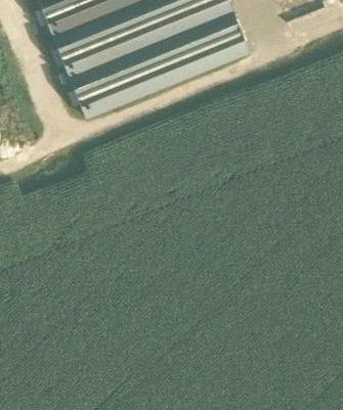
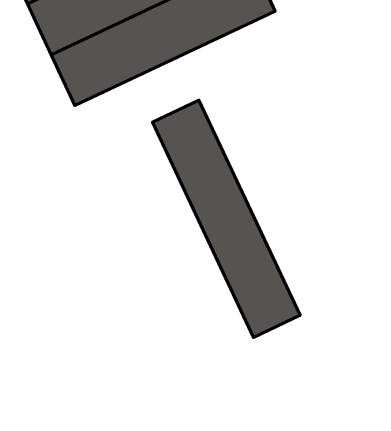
building: none -> [152,100,300,337]

